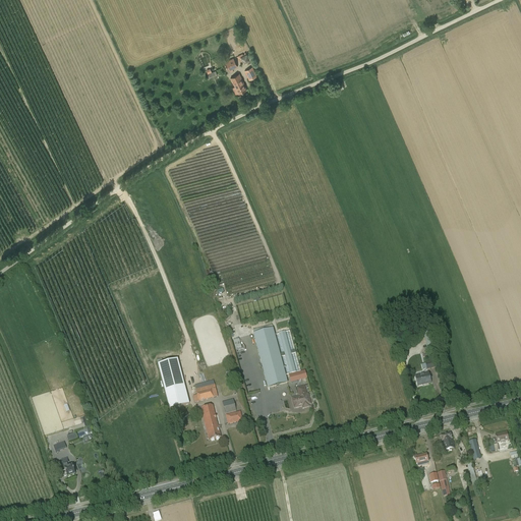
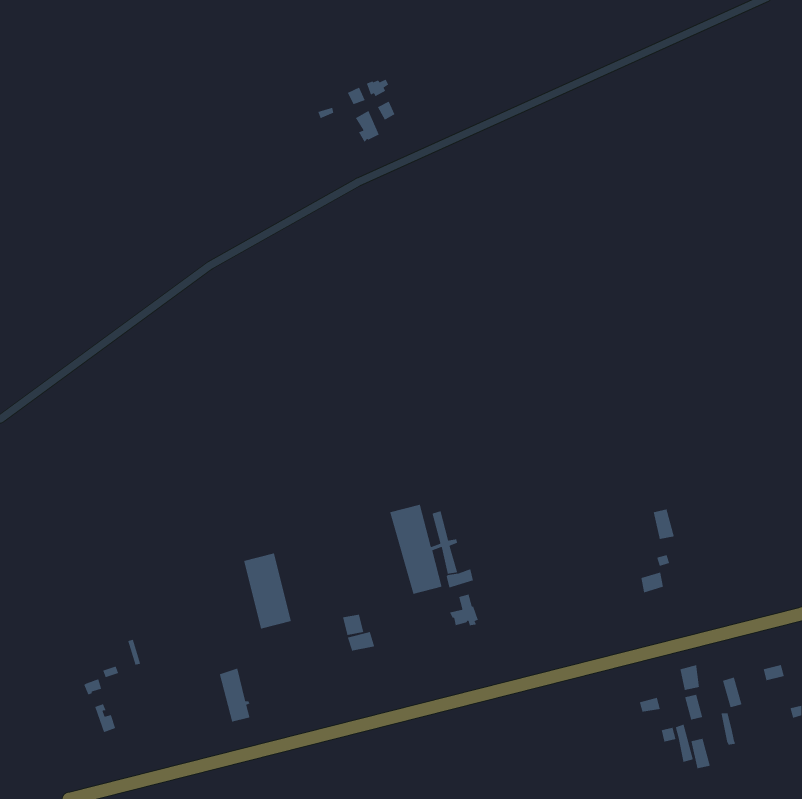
building: [192,379,218,401] -> none
building: [200,403,221,439] -> [219,668,250,723]

